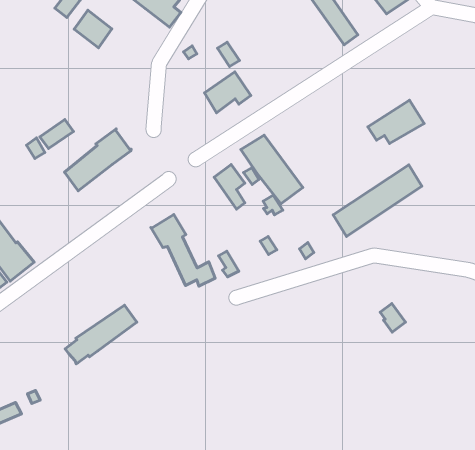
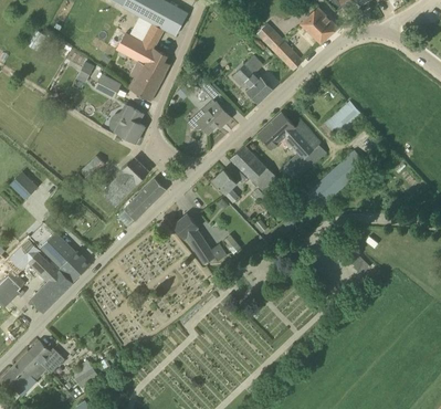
building: none -> [130,65,162,99]
building: none -> [231,55,272,103]
building: none -> [114,106,144,143]
building: none -> [256,112,325,182]
building: [65,305,137,364] -> [116,178,166,227]

